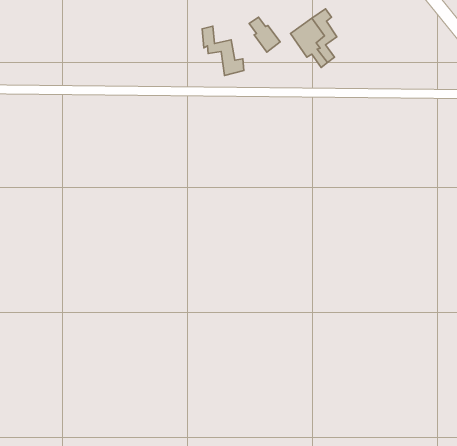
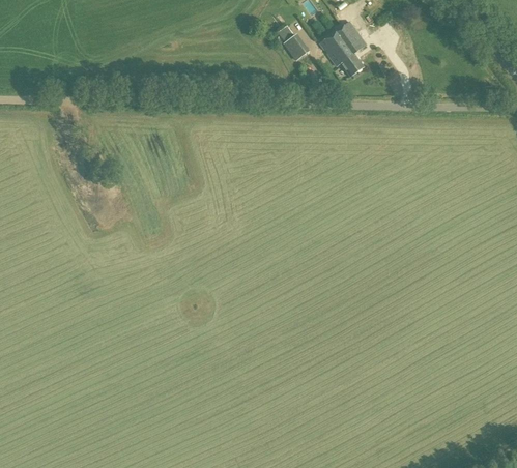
building: [202,26,244,75] -> none

